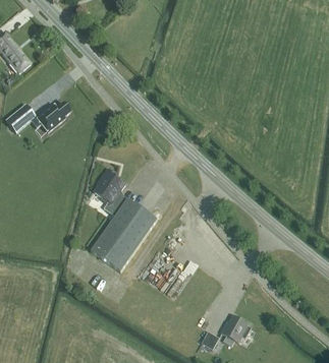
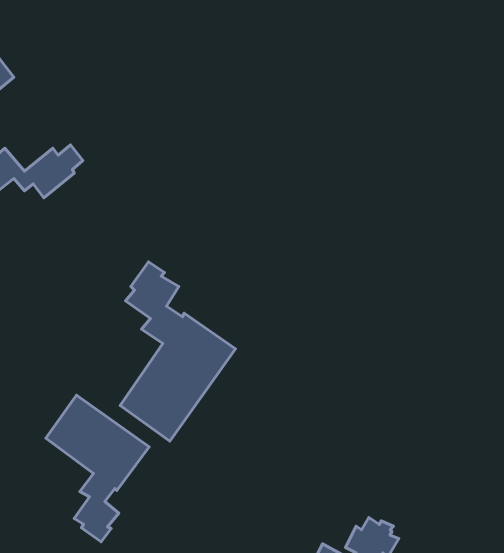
building: none -> [46,395,149,542]

